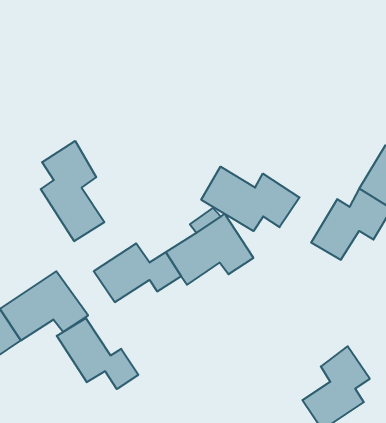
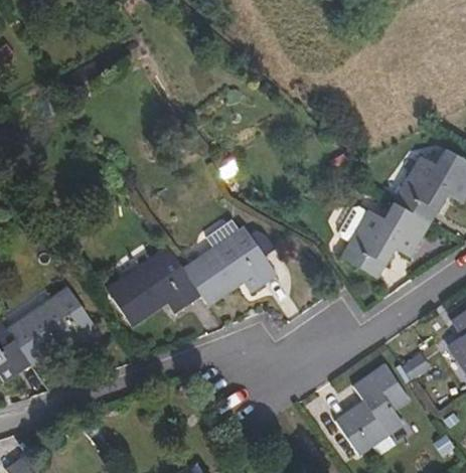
building: [41,141,104,241] -> none
building: [201,167,300,231] -> none
building: [57,318,138,389] -> none

